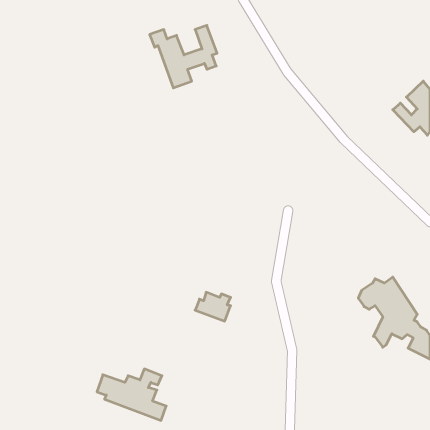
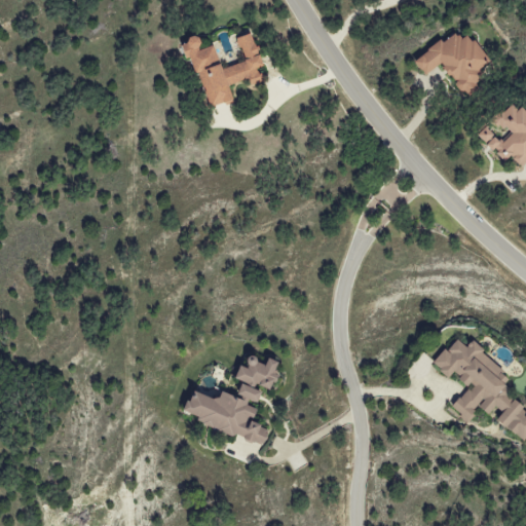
building: none -> [414,31,488,92]
building: [97,369,166,420] -> [185,382,269,445]

